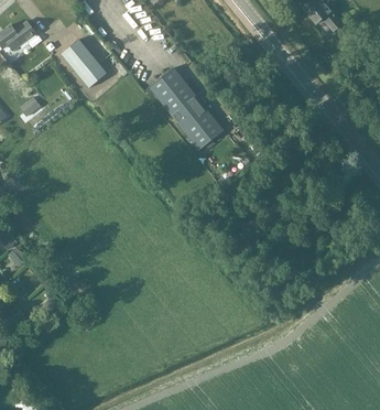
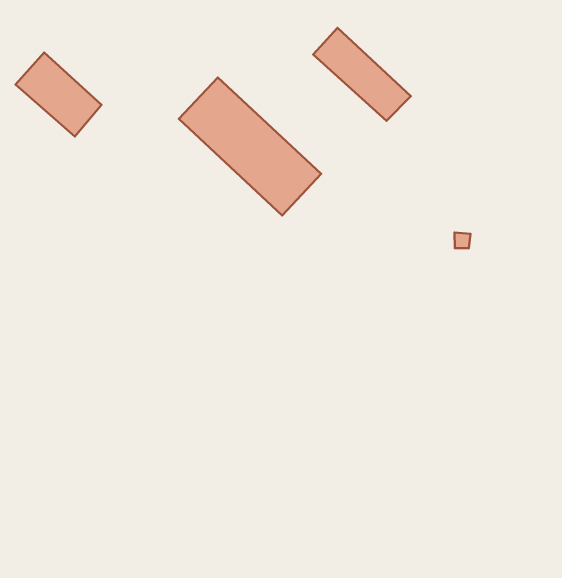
building: none -> [313,28,411,121]

